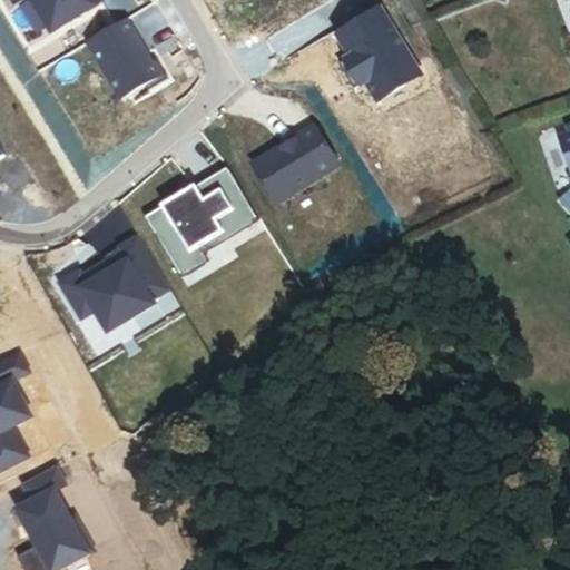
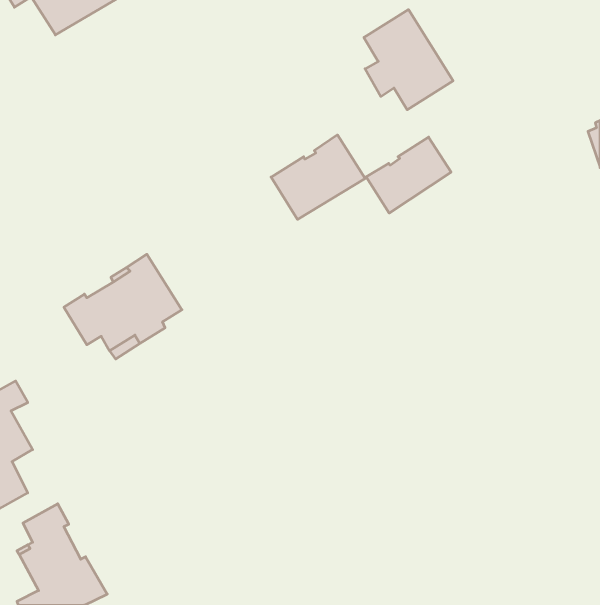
building: [86,19,166,100] -> none
building: none -> [366,137,451,213]
building: [142,168,255,283] -> none

